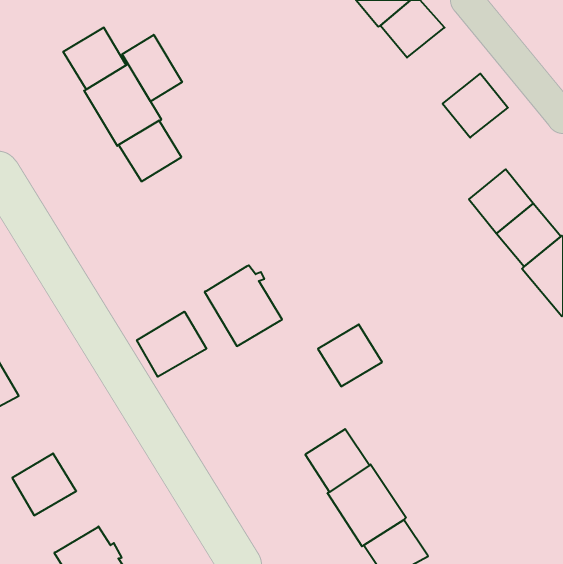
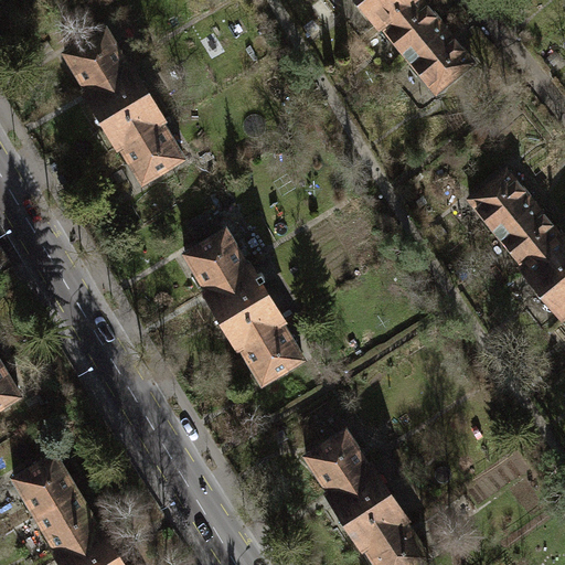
building: [122,35,182,101] -> none
building: [443,74,508,138] -> [406,29,471,93]
building: none -> [183,230,246,291]
building: [137,312,206,377] -> none
building: [318,324,382,386] -> [238,321,302,383]
building: none -> [34,491,97,552]

